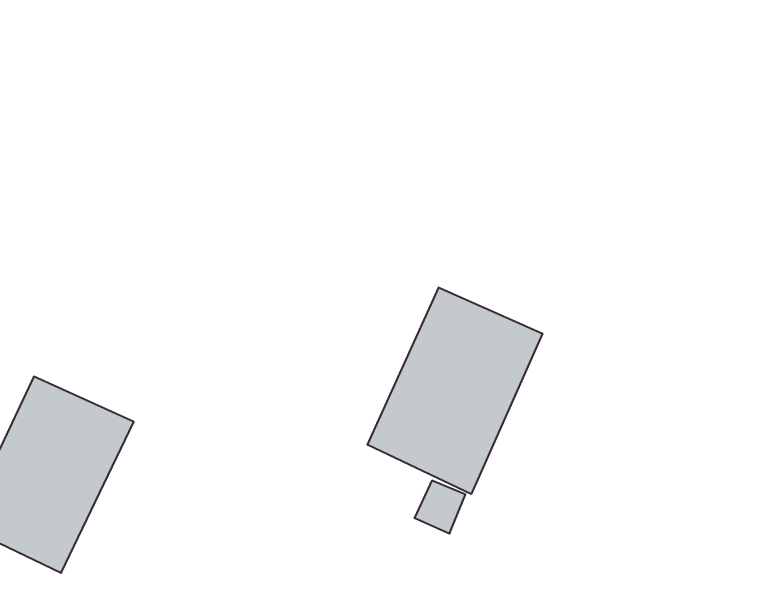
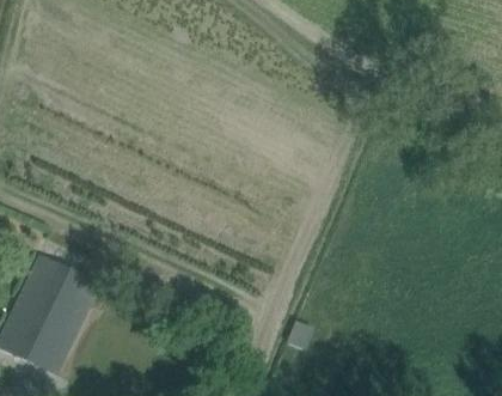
building: [368,287,542,494] -> none

